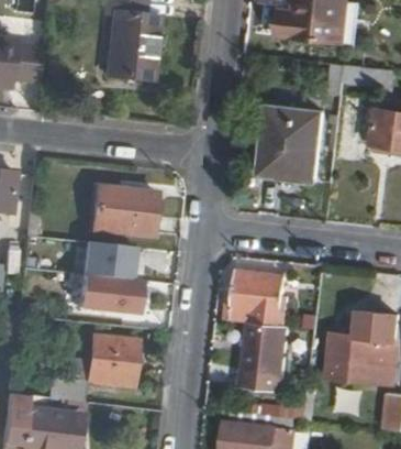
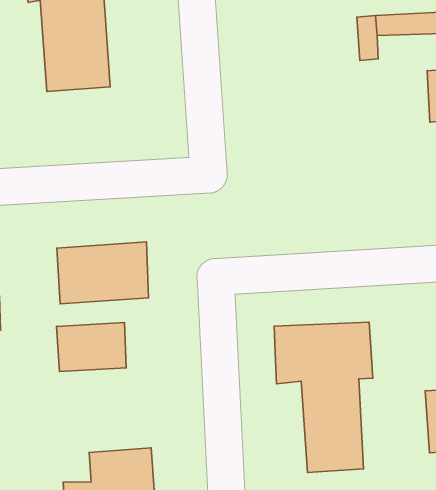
building: [266,106,326,177] -> none
building: [78,274,141,315] -> none

